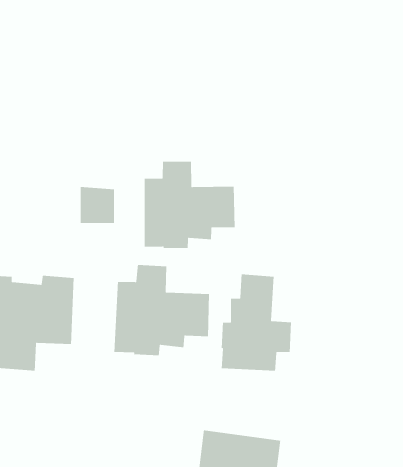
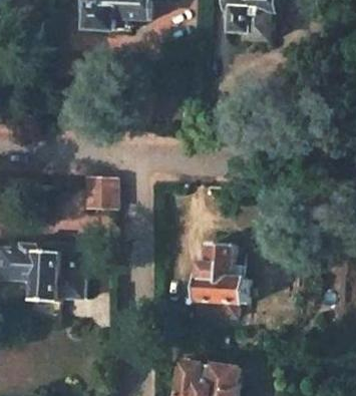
building: [144,161,235,249] -> none
building: [114,264,210,356] -> none

